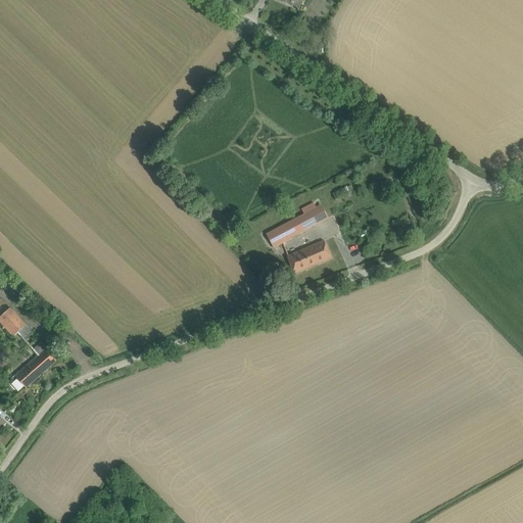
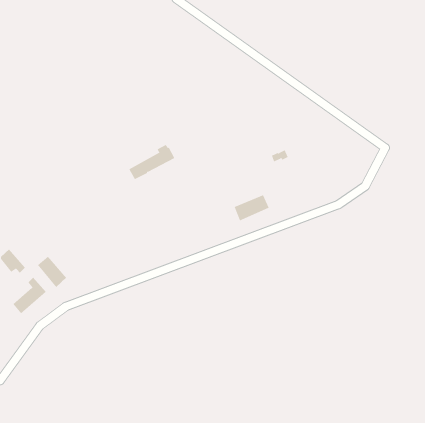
building: [267,201,324,245] -> [129,144,175,180]
building: none -> [37,256,67,288]

